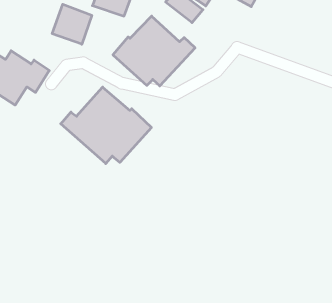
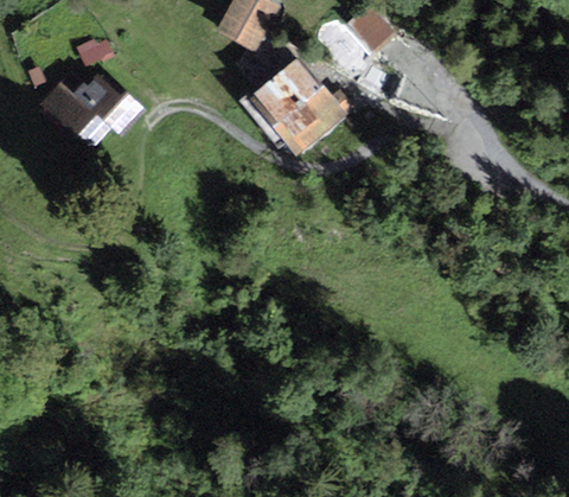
building: [52,4,92,44] -> none
building: [61,87,151,164] -> none

